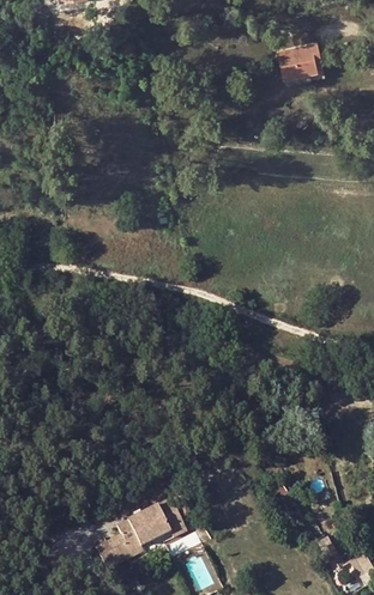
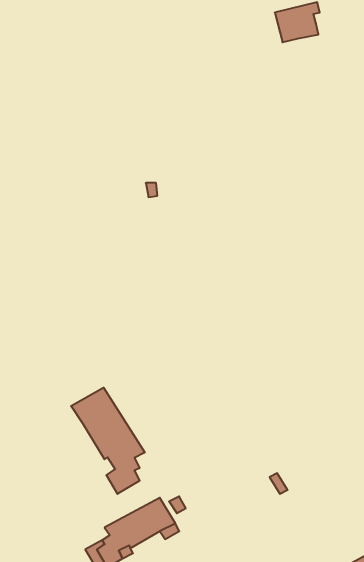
building: none -> [71,388,145,494]

